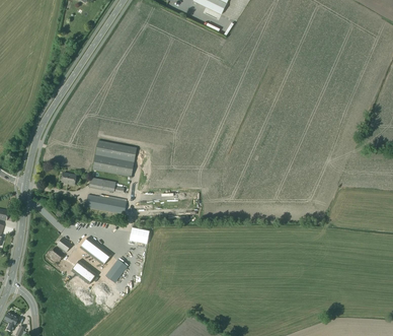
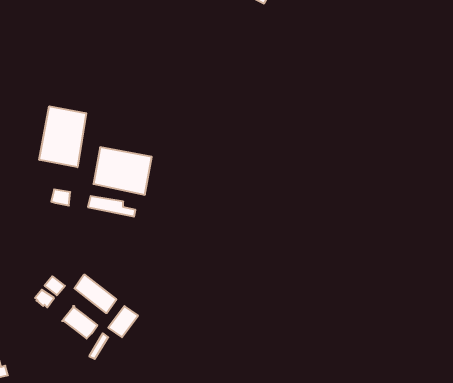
building: none -> [39,106,86,167]
building: [86,193,127,213] -> none

